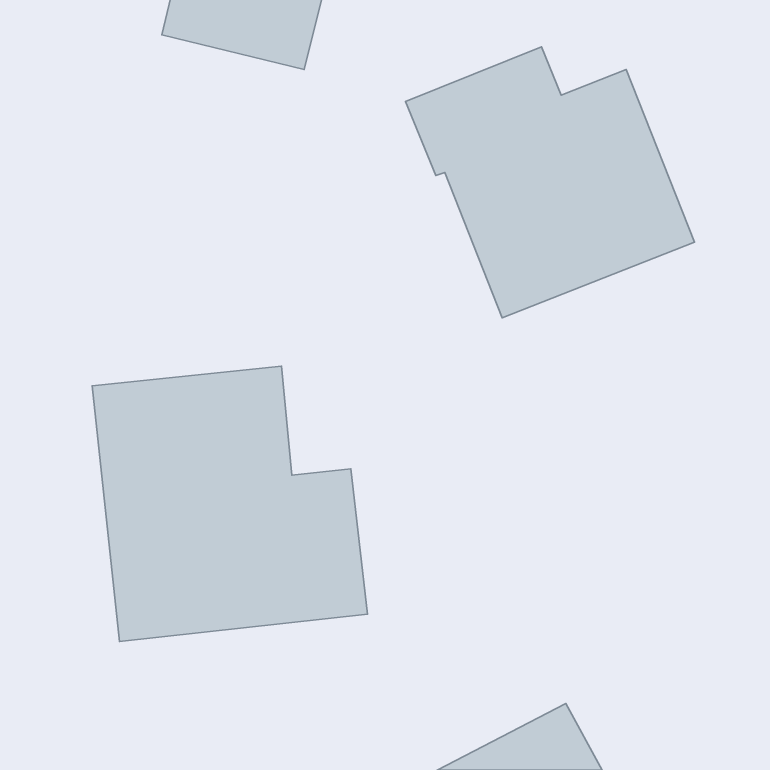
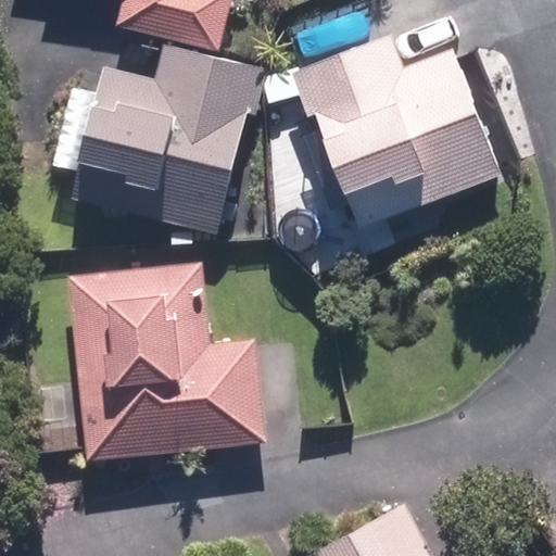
building: none -> [71,45,266,232]

